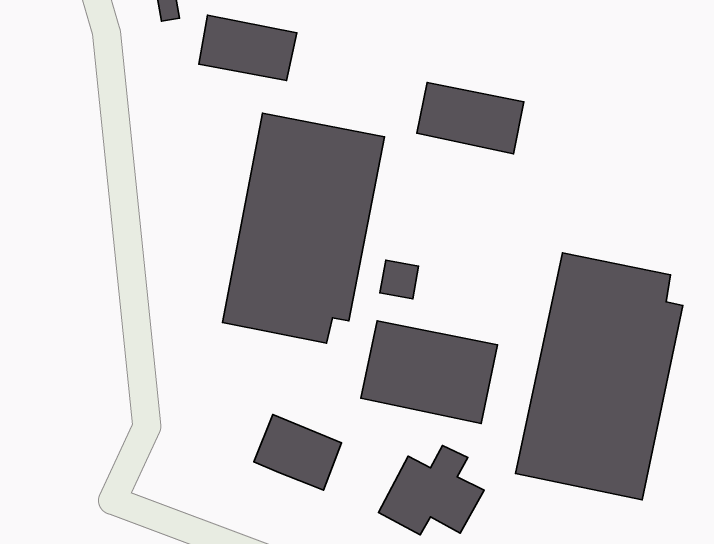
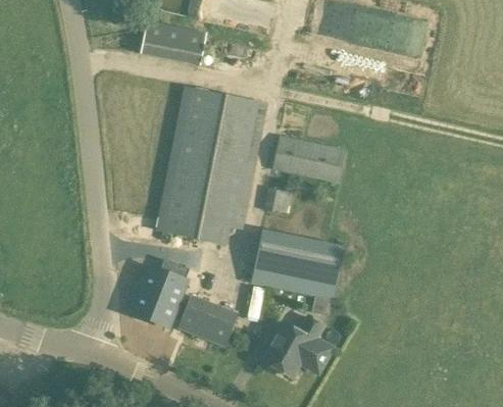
building: [417,83,524,154] -> [272,135,346,184]
building: [516,253,683,500] -> none
building: none -> [134,262,189,322]

